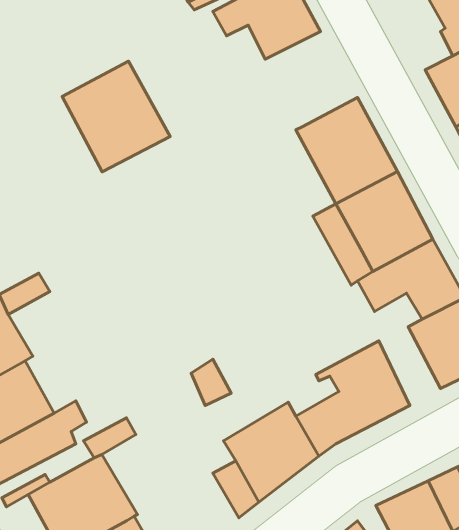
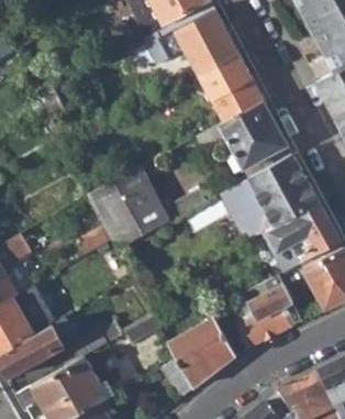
building: none -> [199,54,265,122]
building: [62,61,170,172] -> [91,167,168,246]

